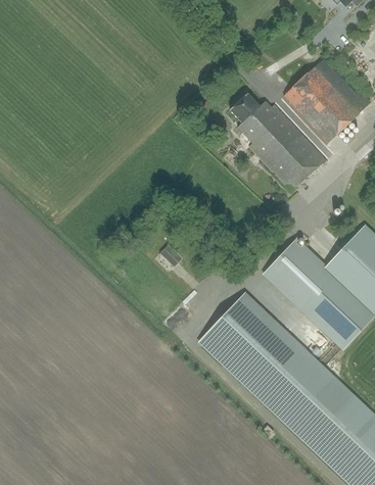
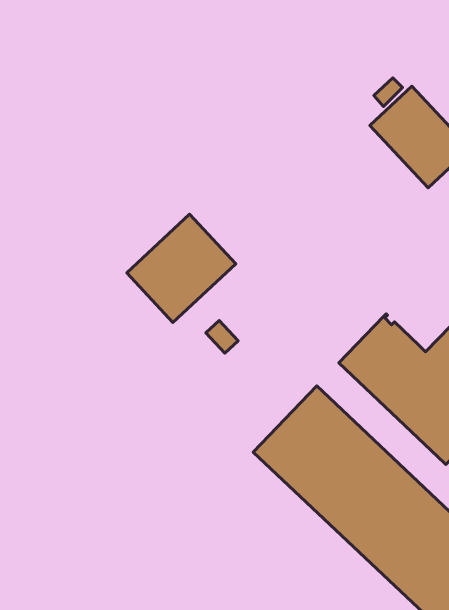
building: [231,93,327,191] -> none
building: none -> [127,214,236,322]

